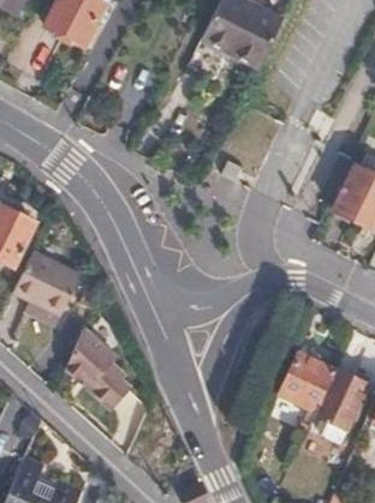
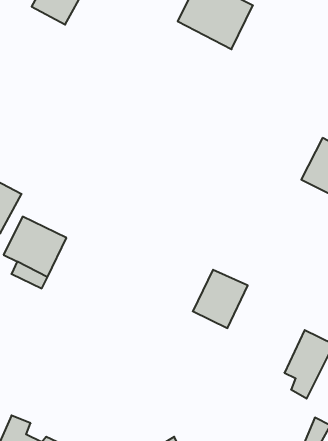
building: [67,324,131,409] -> none
building: [279,353,338,415] -> [193,270,248,328]

